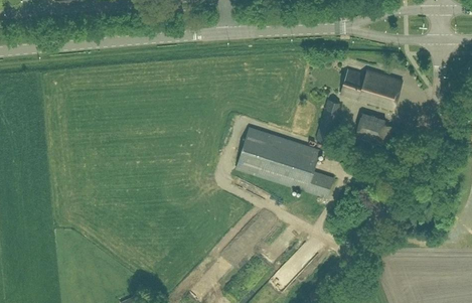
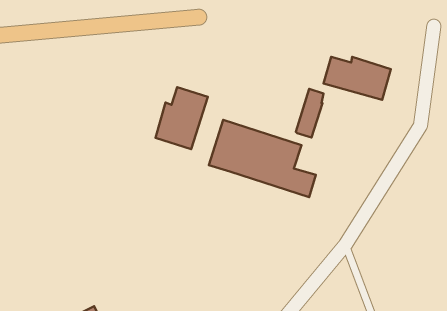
building: none -> [156,87,208,149]
building: [355,113,392,147] -> none

